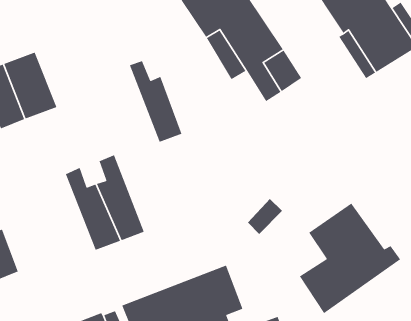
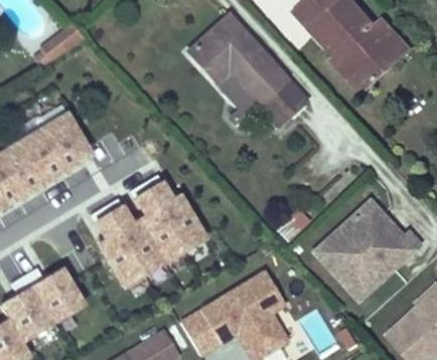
building: [129,60,183,143] -> [153,184,209,253]
building: none -> [99,214,150,291]
building: none -> [311,230,351,269]

